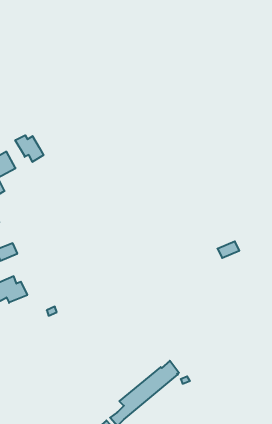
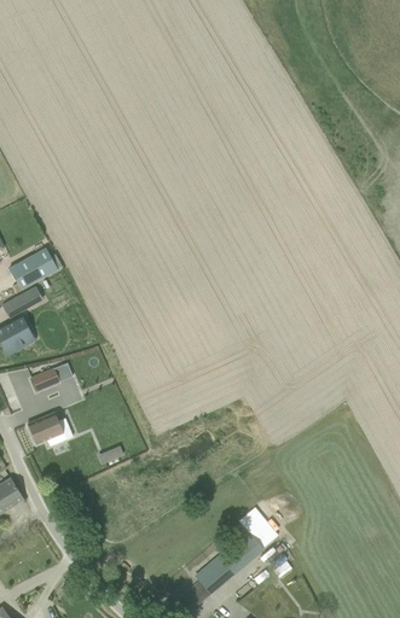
building: [15,135,43,162] -> none

